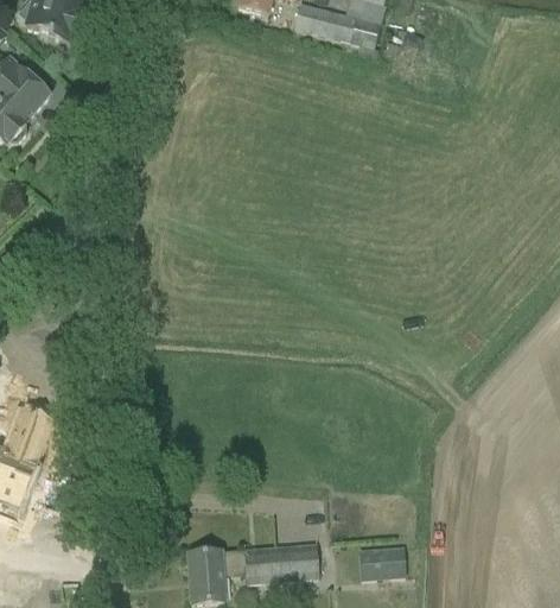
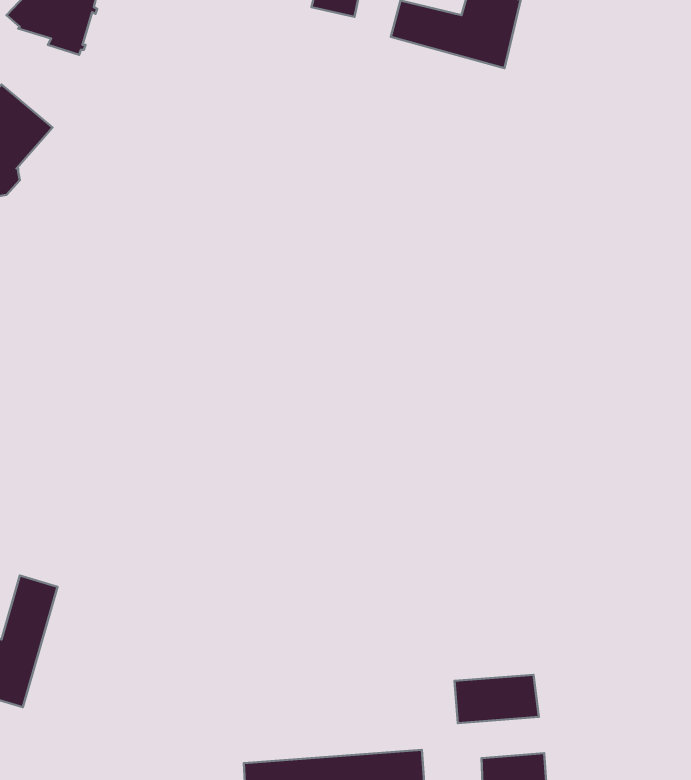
building: none -> [455,675,539,723]

